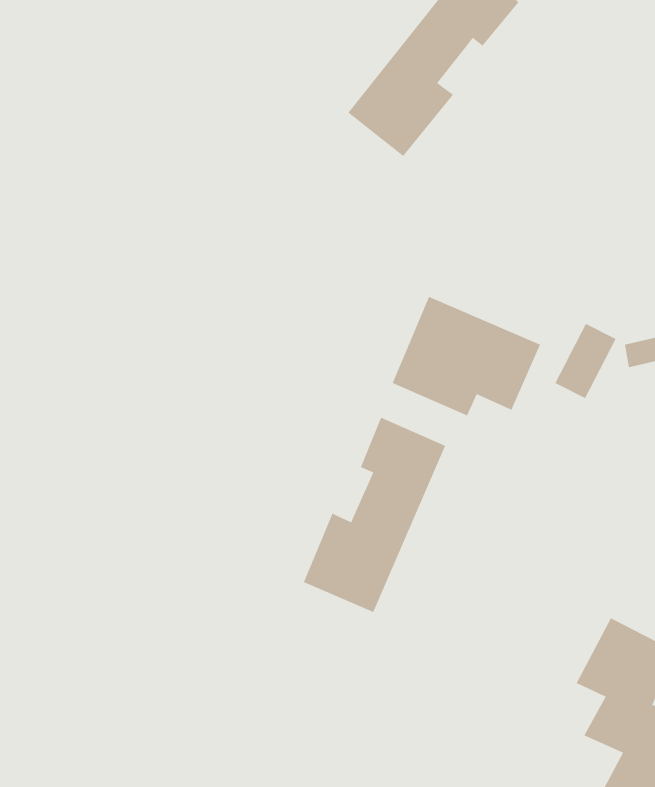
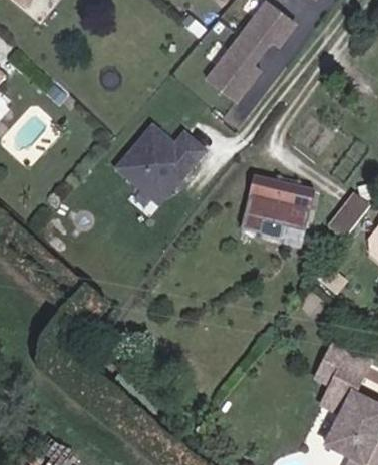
building: none -> [119,126,208,198]
building: [303,417,446,613] -> none

